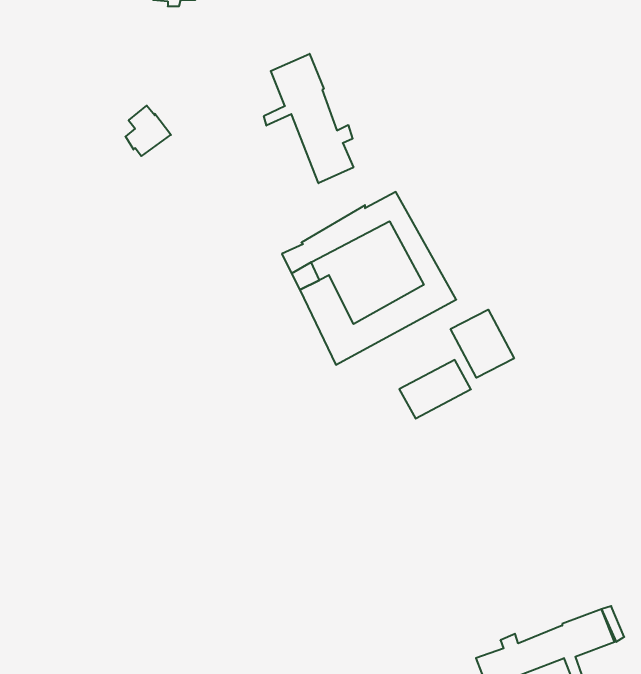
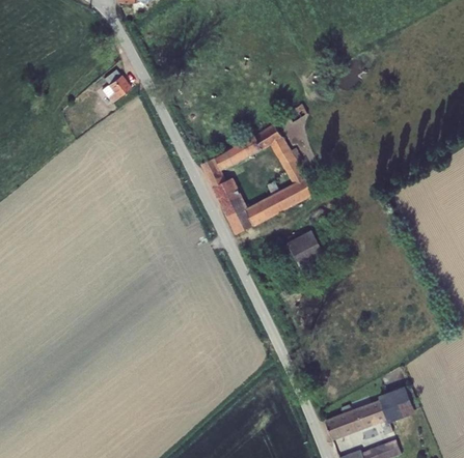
building: [264,54,353,183] -> none
building: [451,310,514,378] -> none

